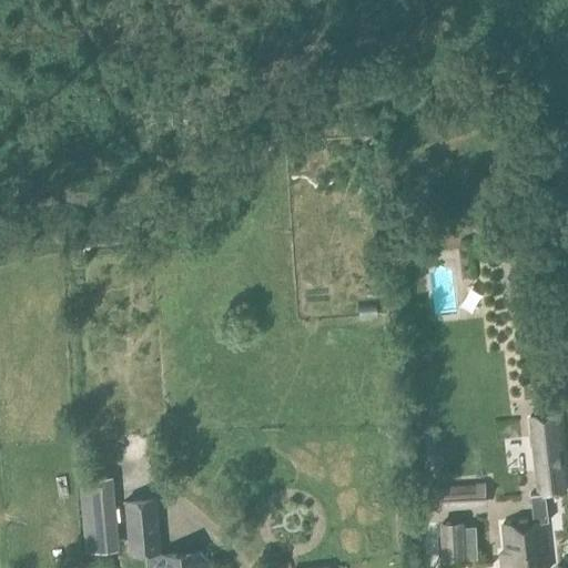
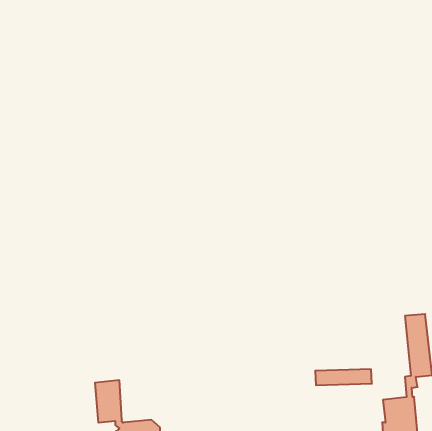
building: [81,479,120,554] -> none
building: [438,523,476,562] -> none

